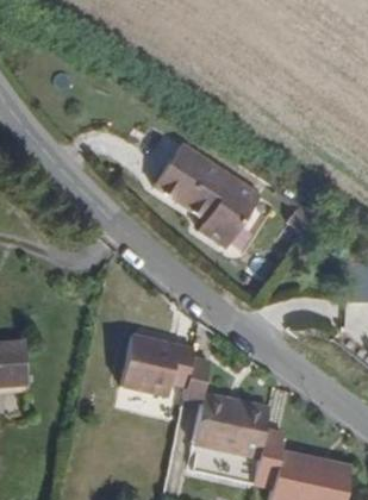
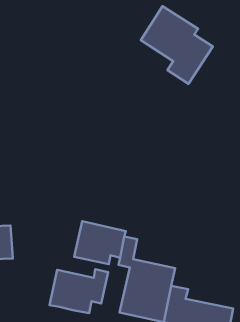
building: [157,136,263,250] -> [141,6,213,84]
building: none -> [49,269,108,313]

